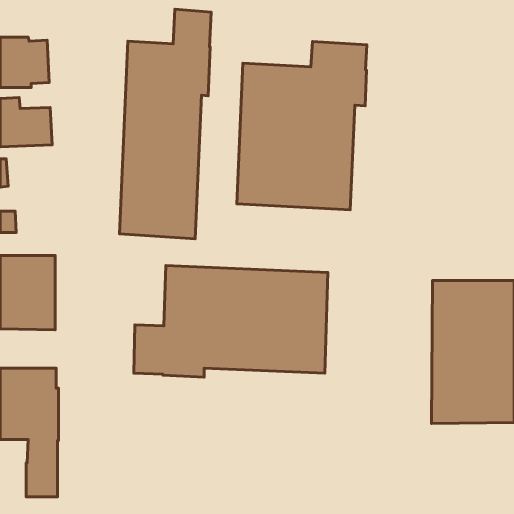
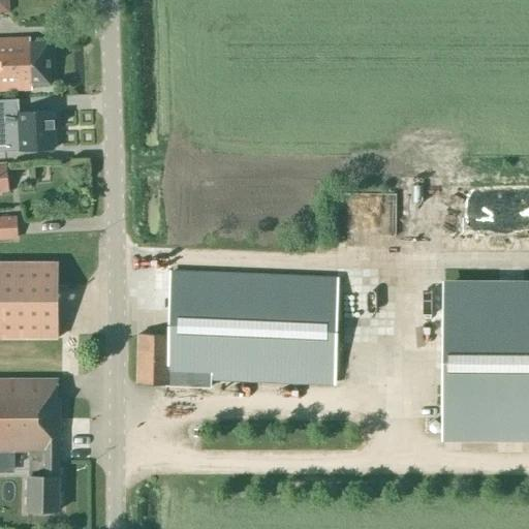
building: [119,9,211,239] -> none
building: [237,41,367,210] -> none

